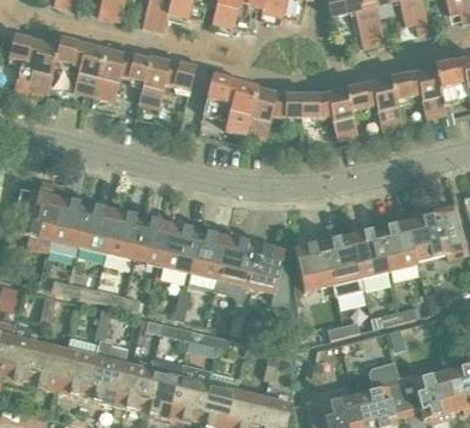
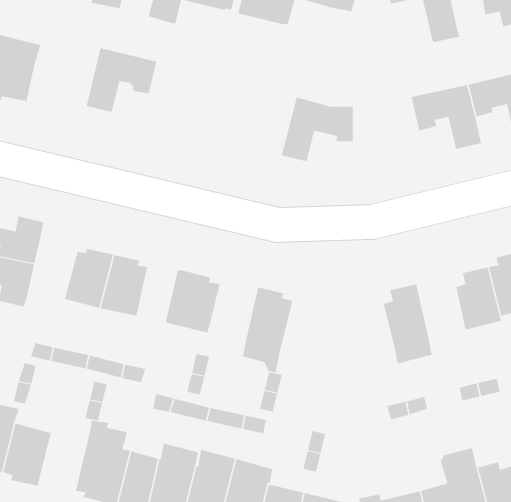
building: [54,37,105,94] -> none
building: [138,55,195,106] -> none
building: [202,76,257,132] -> none
building: [302,87,358,137] -> none
building: [47,196,87,254] -> none
building: [133,218,165,262] -> none
building: [351,227,388,274] -> none
building: [188,230,227,289] -> none
building: [293,240,333,289] -> none
building: [245,243,290,303] -> none
building: [56,335,97,394] -> none

